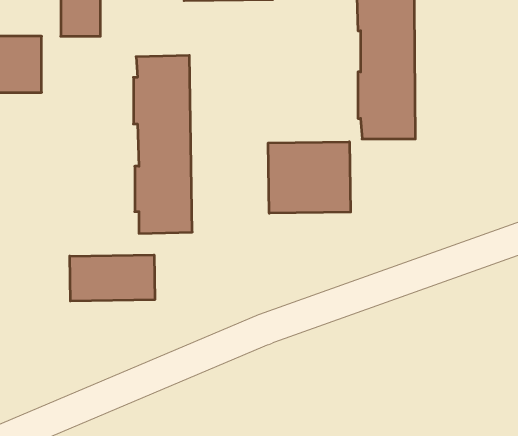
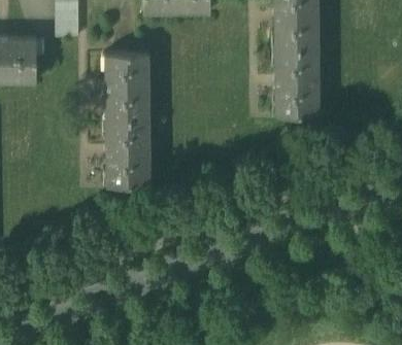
building: [268,142,351,213] -> none
building: [70,255,155,301] -> none

